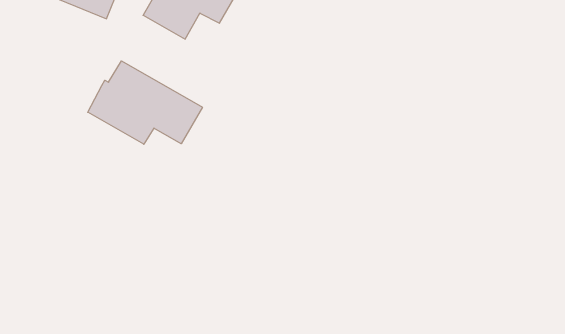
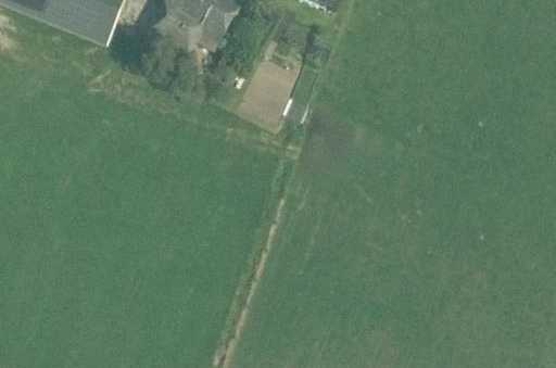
building: [88,61,202,144] -> none

